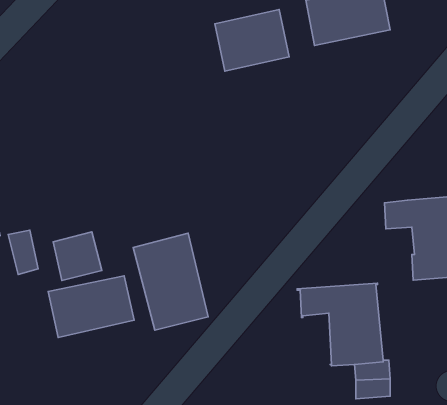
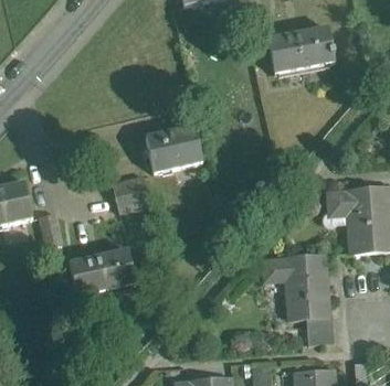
building: [215,10,289,71] -> [145,126,202,173]
building: [53,232,102,281] -> [113,175,150,213]
building: [133,233,208,330] -> none

